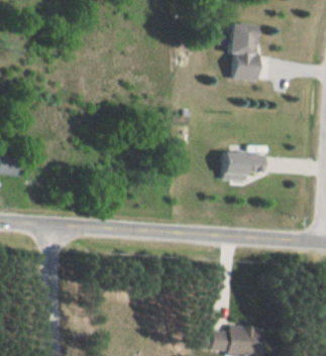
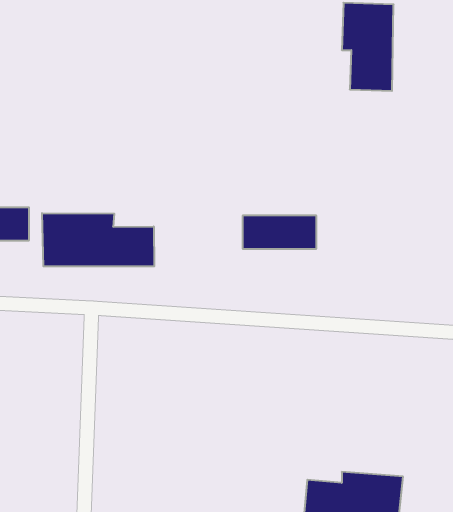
building: [220,153,267,174] -> [243,216,316,249]
building: none -> [42,213,154,266]

